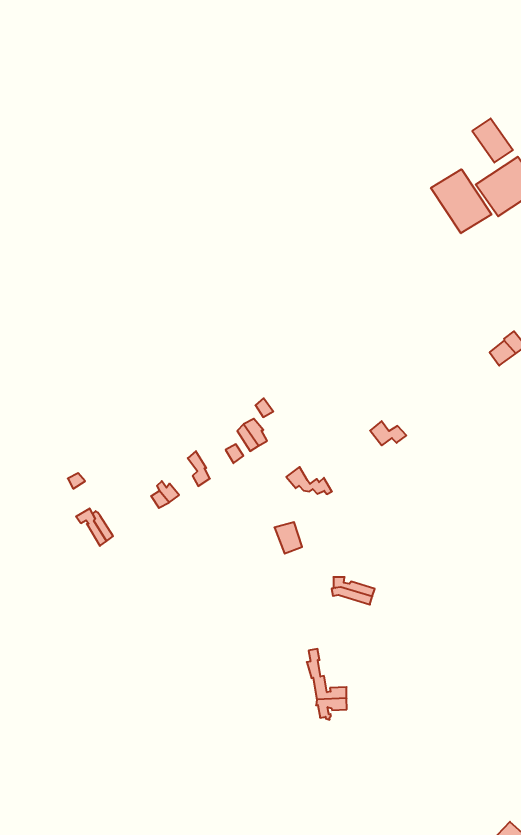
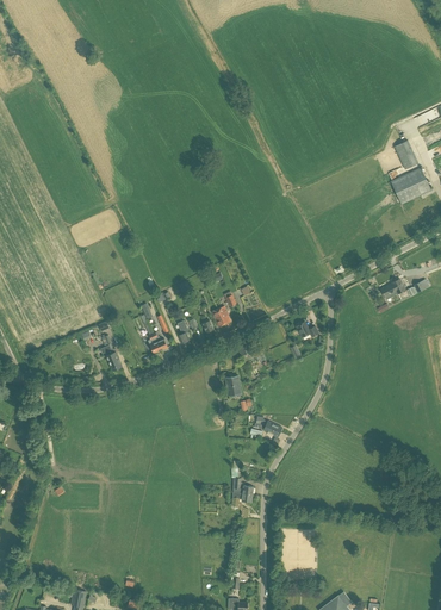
building: [431,169,491,233] -> none

